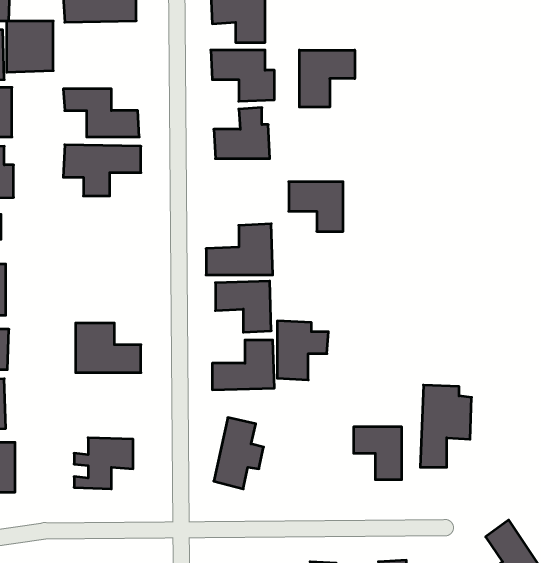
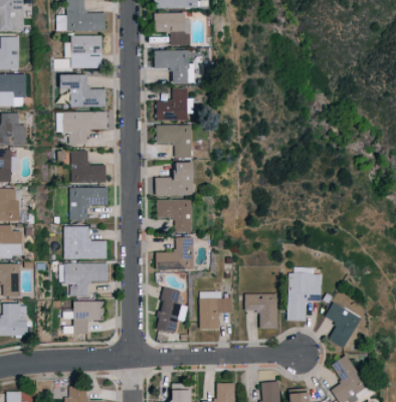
building: [7,21,53,72] -> [72,36,103,69]
building: [299,50,355,107] -> none
building: [289,182,343,231] -> [156,126,191,158]
building: none -> [72,151,107,183]
building: none -> [70,188,108,220]
building: [277,321,328,380] -> [200,291,233,330]
building: none -> [64,263,109,296]
building: none -> [325,303,362,349]

